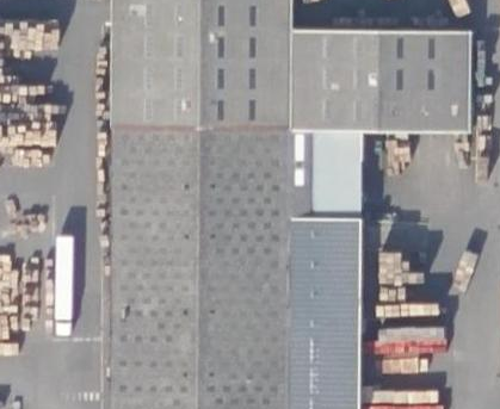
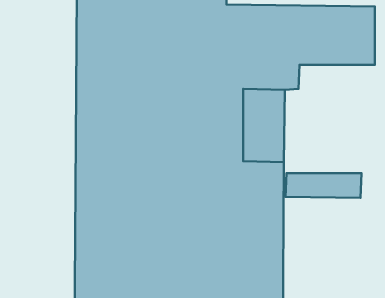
building: [379,101,471,131] -> [286,173,362,198]

